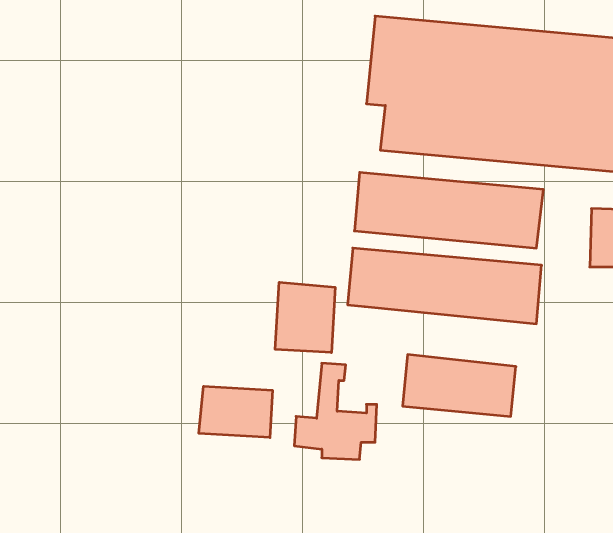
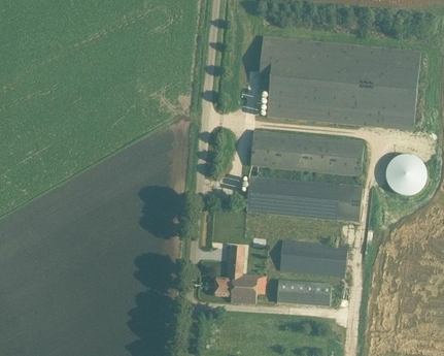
building: [275,282,335,353] -> none
building: [199,386,272,438] -> none
building: none -> [276,280,330,304]

